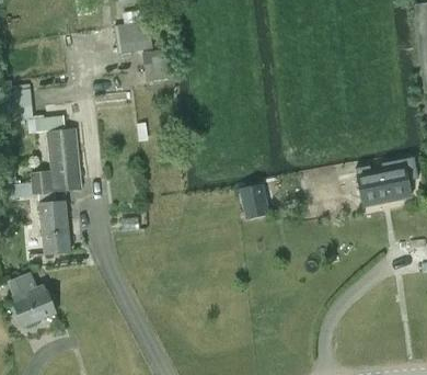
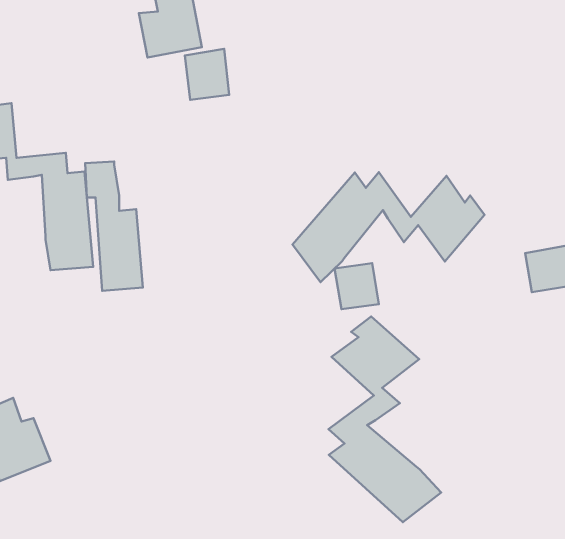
building: none -> [292,172,485,282]
building: [33,169,70,252] -> [85,162,143,291]
building: none -> [328,316,441,522]

